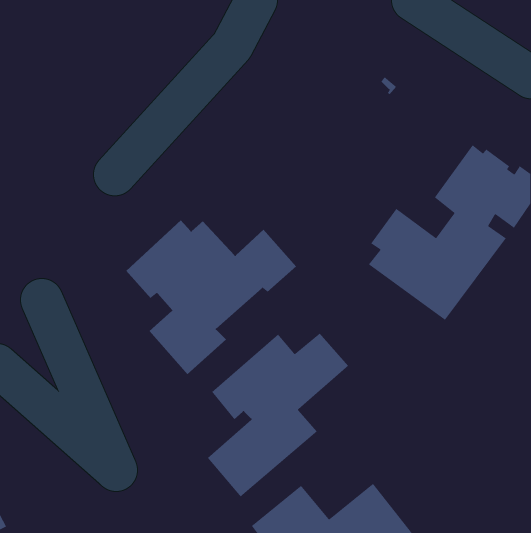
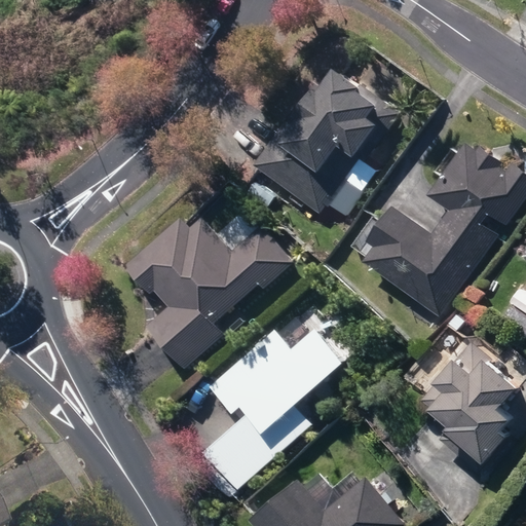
building: none -> [252,64,400,214]
building: none -> [419,341,515,473]

